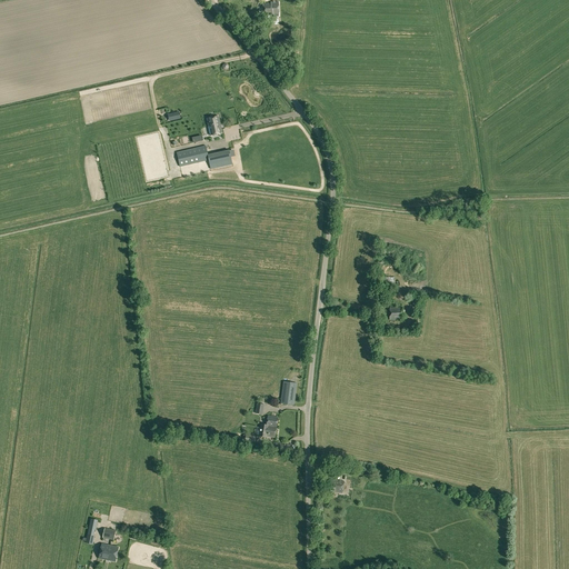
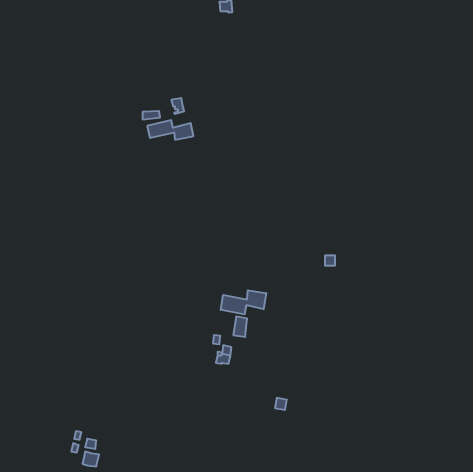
building: none -> [221,290,266,314]

